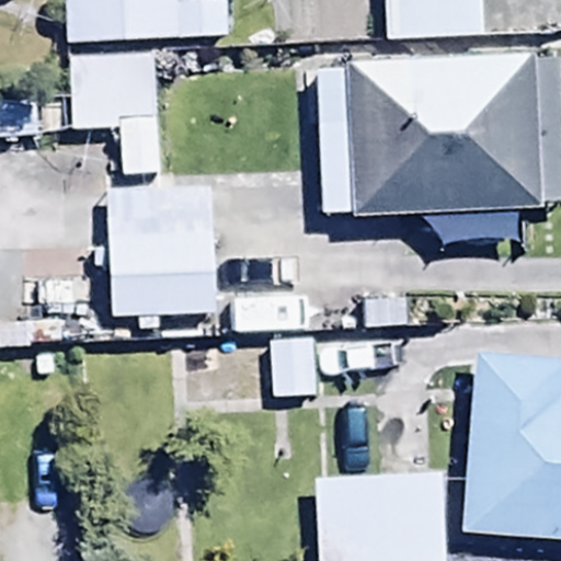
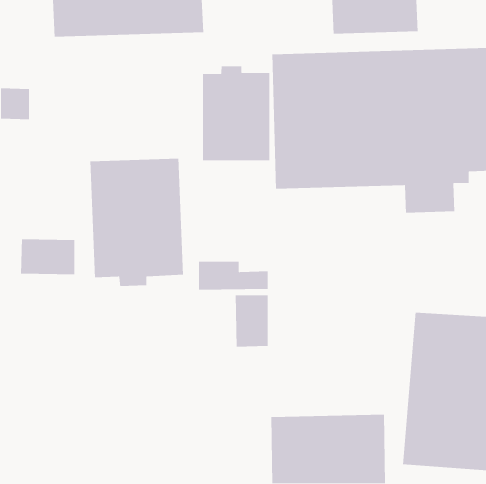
building: [70,53,171,172] -> none
building: none -> [202,66,270,161]

